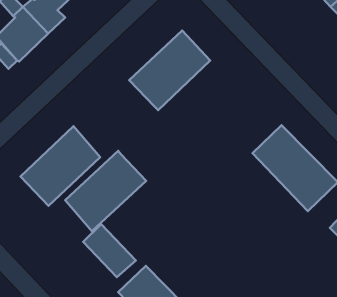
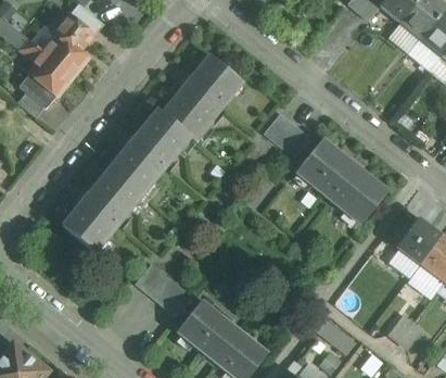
building: none -> [263,113,309,158]
building: [65,151,146,231] -> [110,110,190,196]

